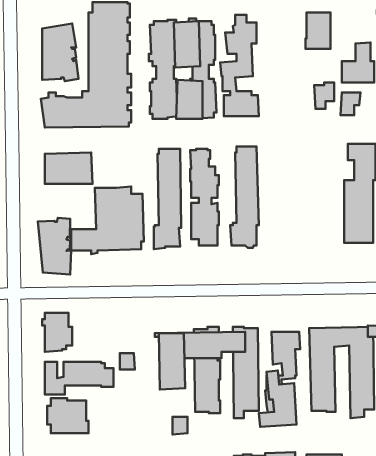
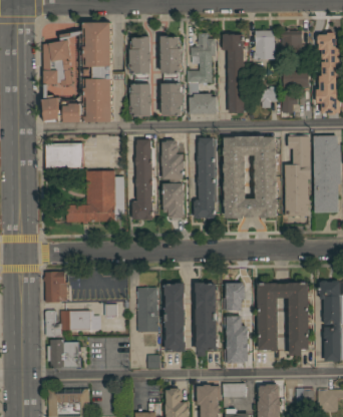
building: none -> [281,31,302,53]
building: none -> [223,34,246,113]
building: none -> [224,137,277,218]
building: [38,218,71,274] -> none

